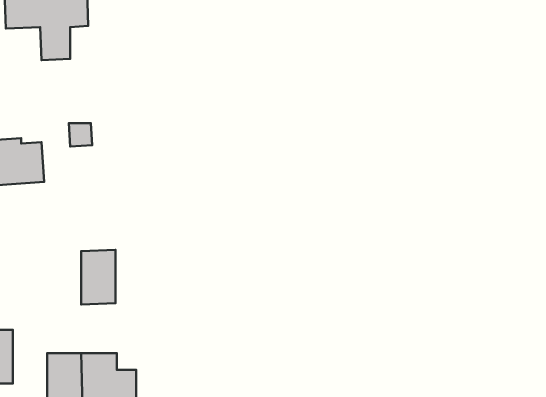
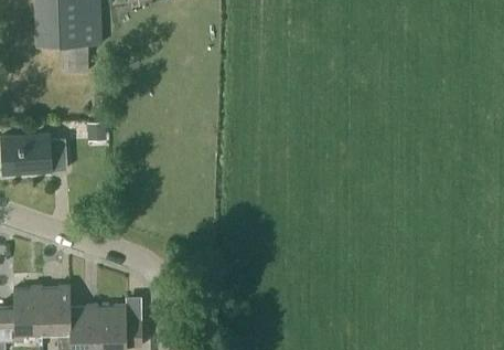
building: [81,250,115,304] -> [42,288,69,332]

